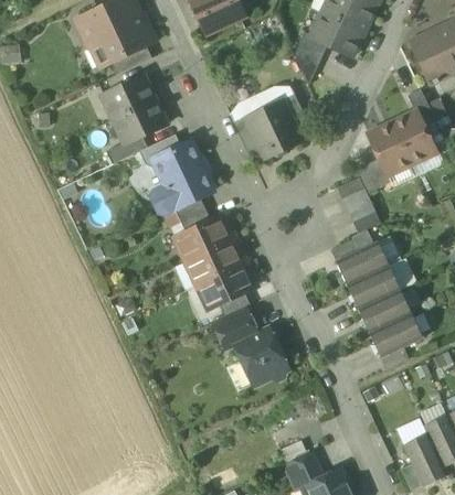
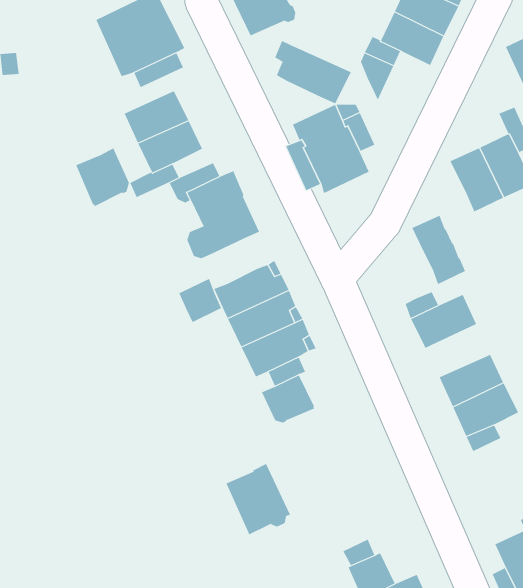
building: none -> [274,40,352,104]
building: none -> [75,147,129,207]
building: [355,158,391,193] -> none
building: [174,196,210,233] -> [178,278,222,323]
building: [347,266,400,309] -> none
building: [234,327,288,386] -> [224,463,291,535]

